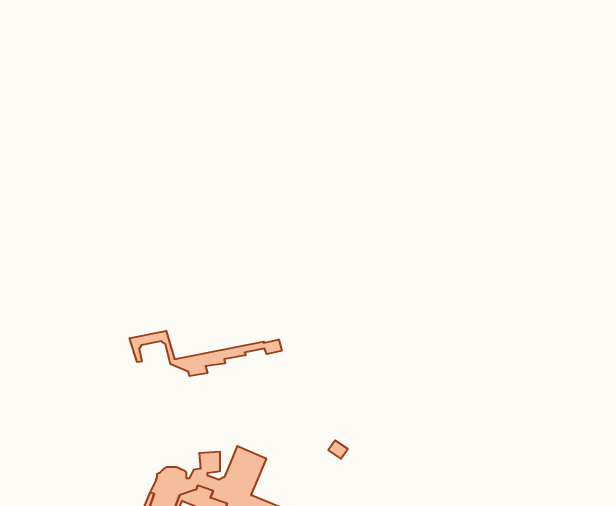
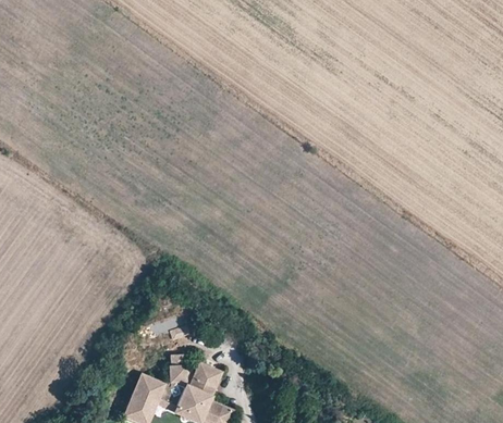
building: [130,331,282,376] -> none

